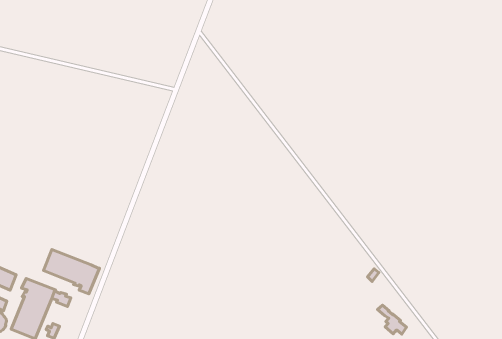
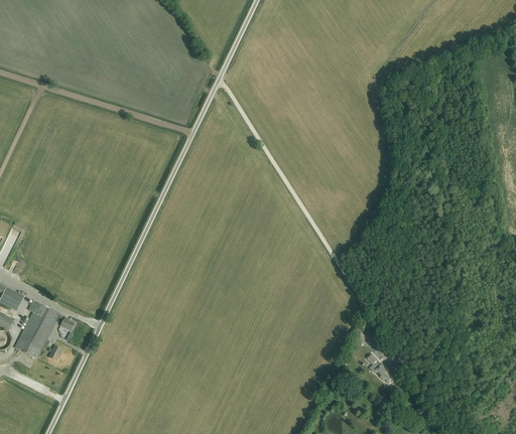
building: [43,249,100,294] -> none

